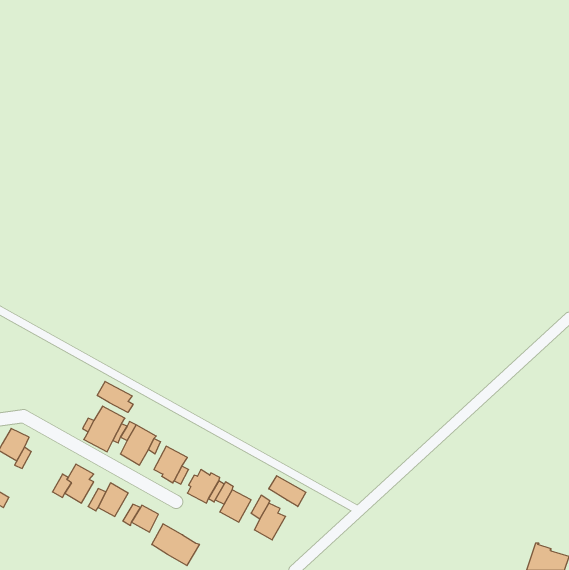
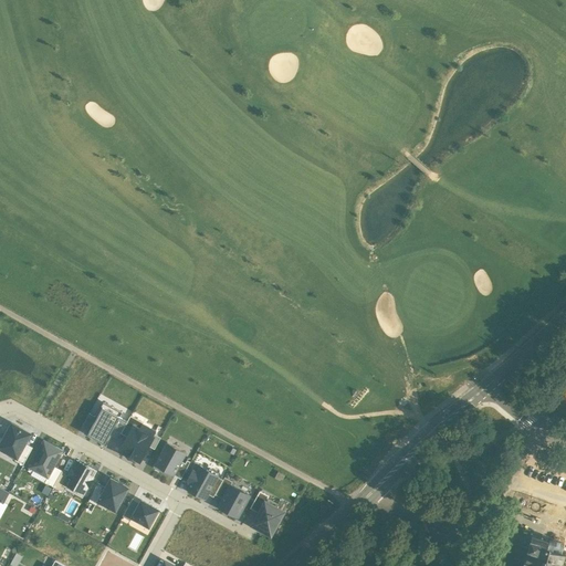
building: [97,381,133,412] -> none
building: none -> [28,440,62,478]
building: [269,476,306,507] -> none
building: [152,524,199,566] -> none

